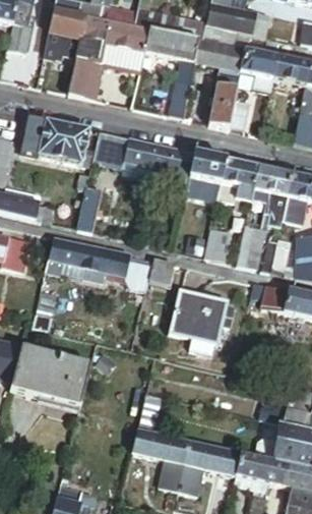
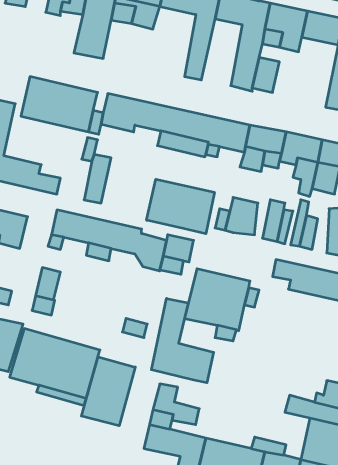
building: none -> [147,179,214,234]
building: none -> [151,298,214,383]
building: none -> [81,357,135,426]

